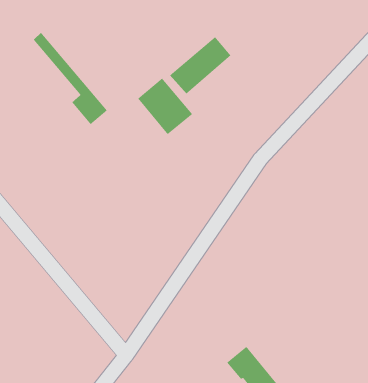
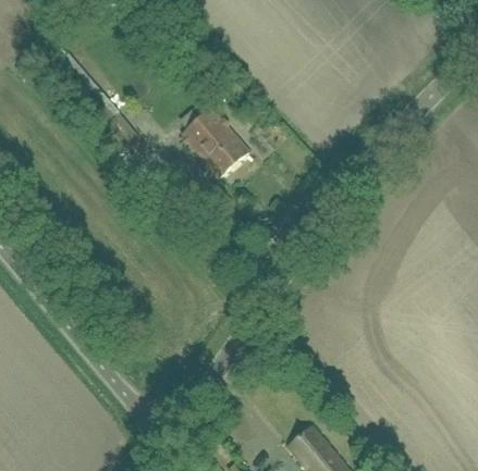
building: [169,36,232,95] -> none

